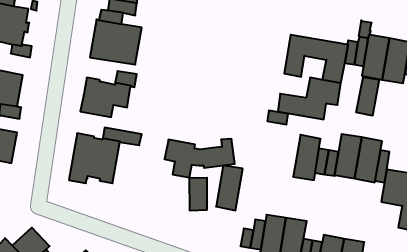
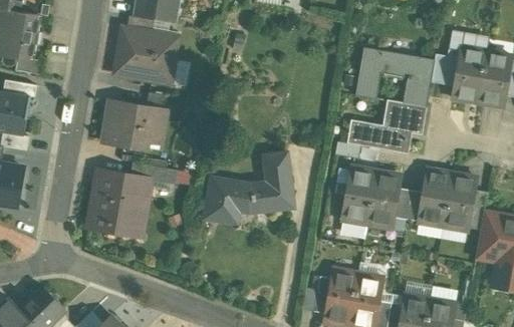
building: [356,77,379,116] -> none
building: none -> [263,152,290,188]
building: [216,165,243,211] -> [342,168,375,224]
building: [189,178,207,211] -> none

